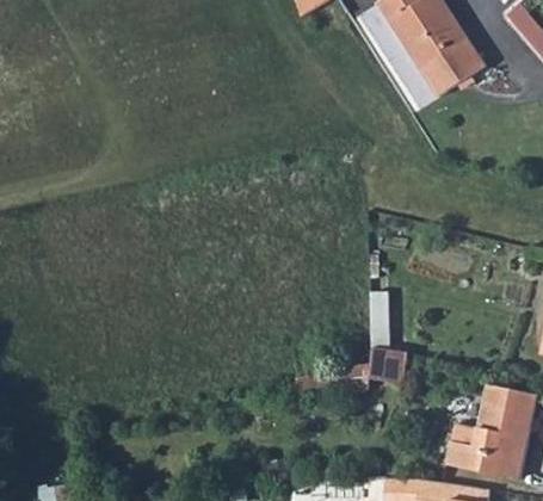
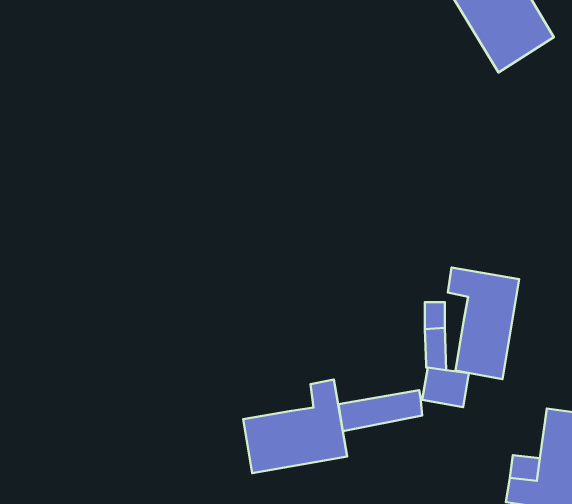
building: none -> [448,268,519,379]
building: none -> [243,379,347,473]

